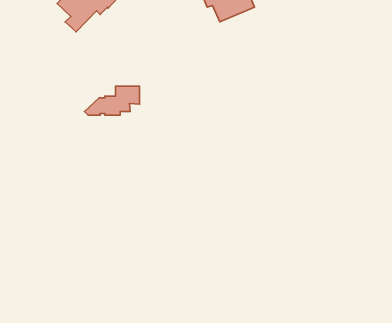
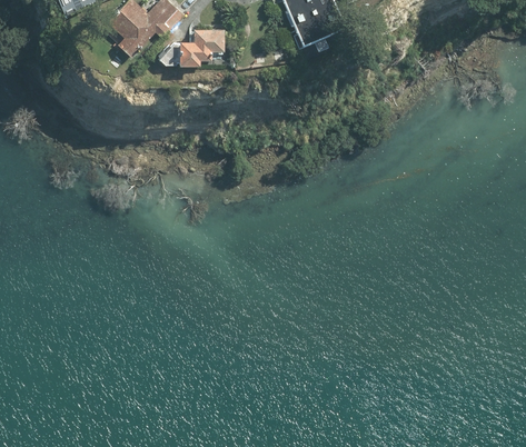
building: [85,86,139,115] -> [158,29,225,64]

